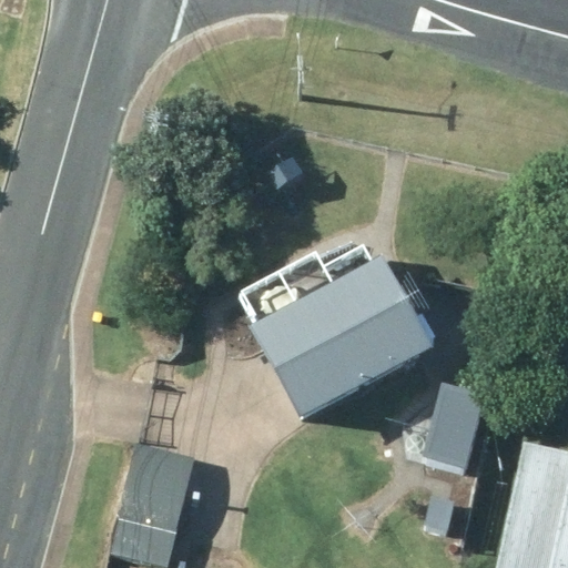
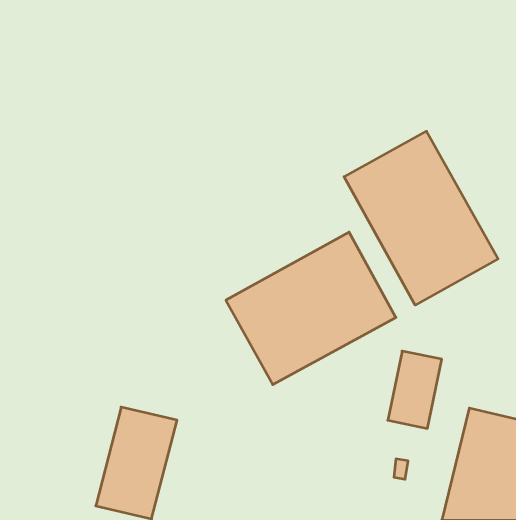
building: none -> [344,131,498,305]

